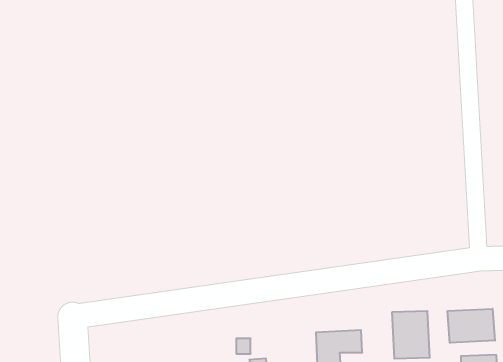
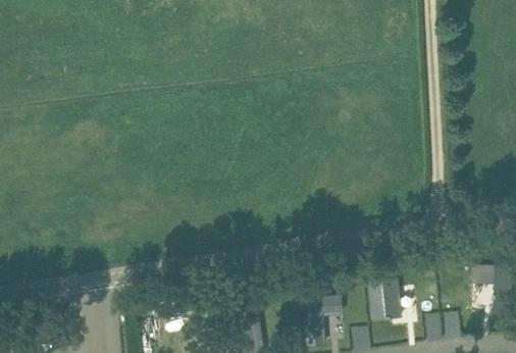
building: [448,309,495,343] -> none

